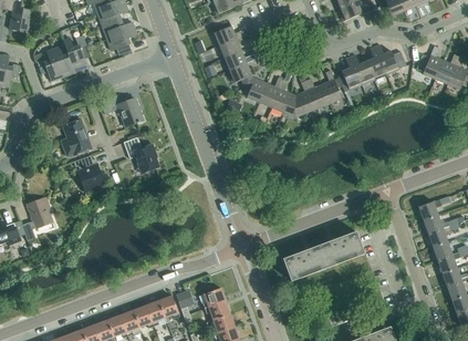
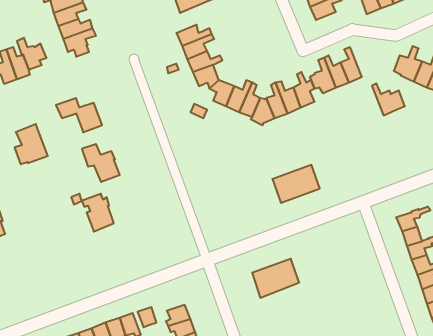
building: [375,44,406,74] -> [372,84,405,115]
building: [73,155,103,190] -> [82,194,114,232]
building: [320,231,364,267] -> [272,165,320,203]

